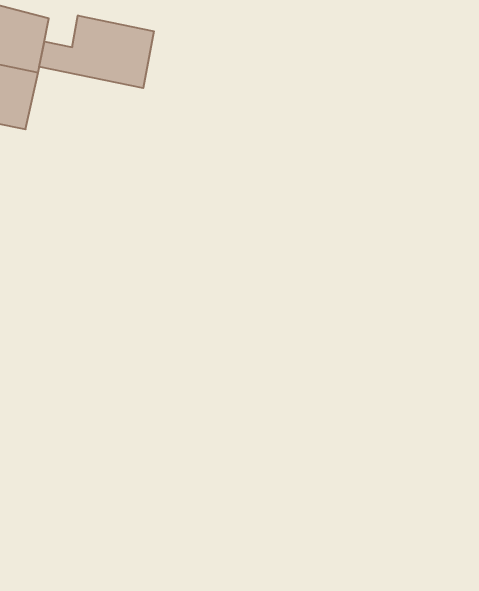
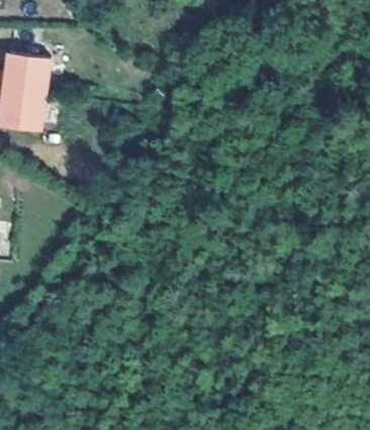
building: [39,15,154,88] -> none

